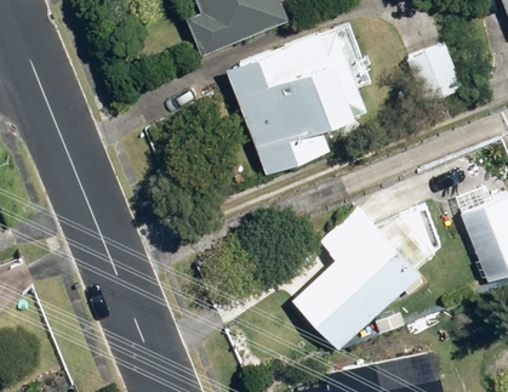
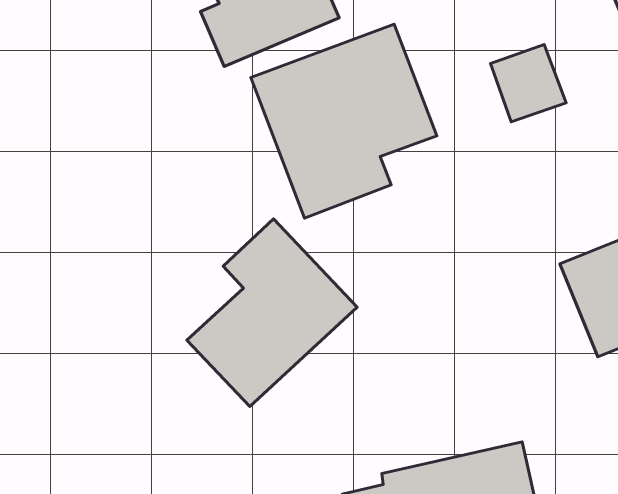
building: [290,205,421,350] -> [187,219,357,407]

